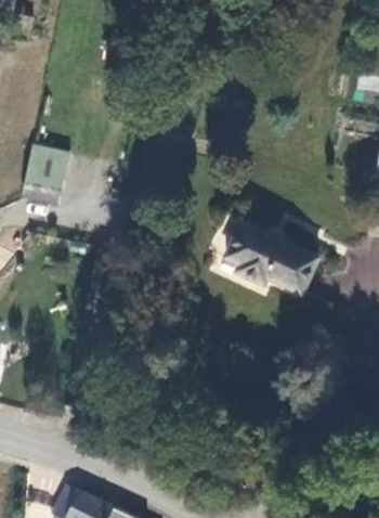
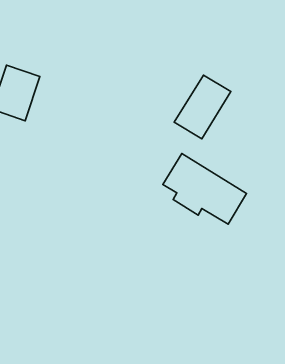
building: none -> [174,75,231,139]

